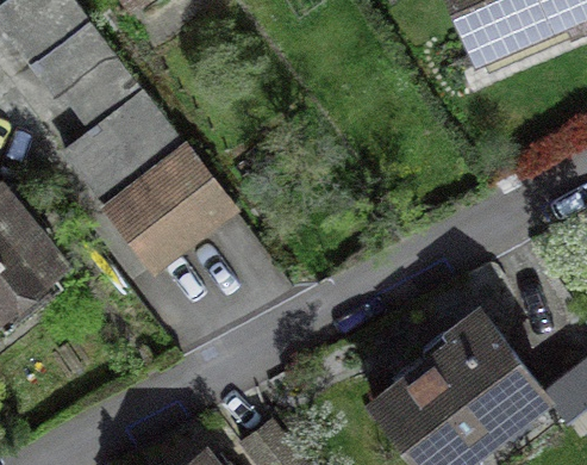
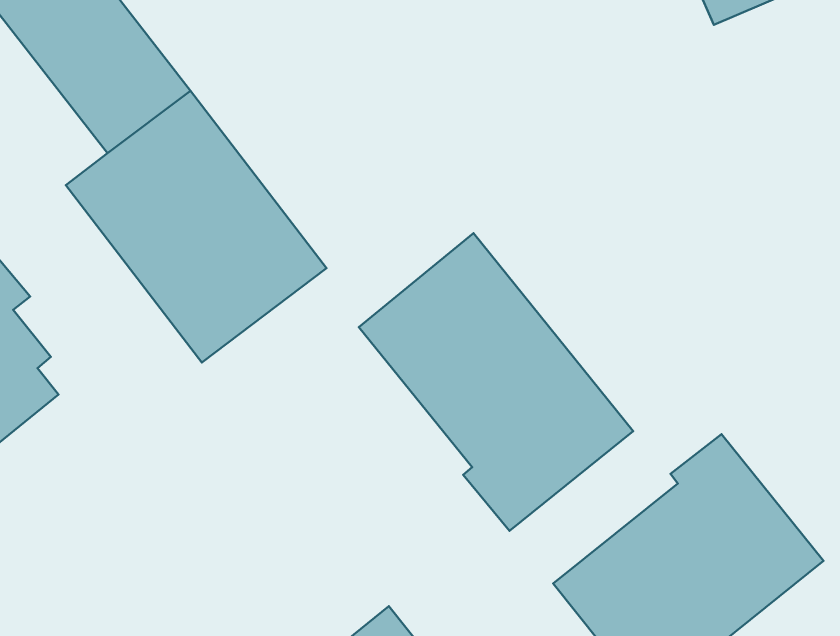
building: none -> [359,233,633,531]

